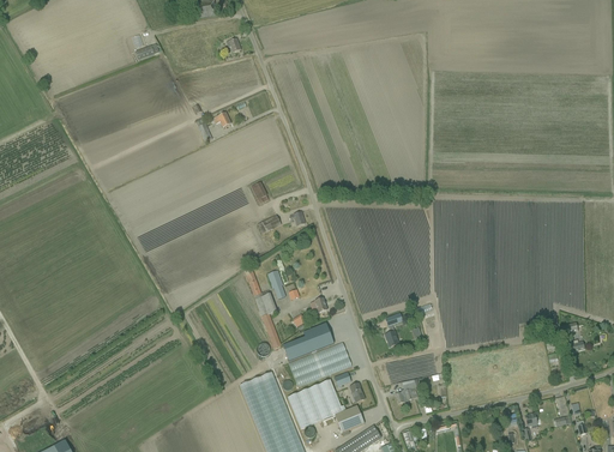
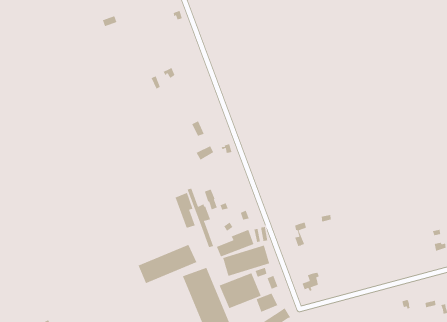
building: none -> [174,192,196,229]
building: none -> [137,244,197,284]

